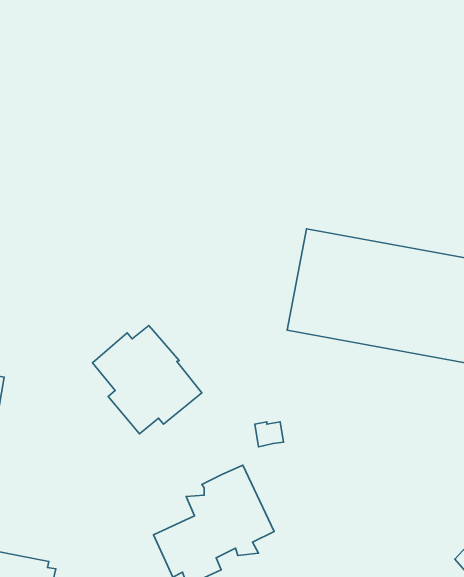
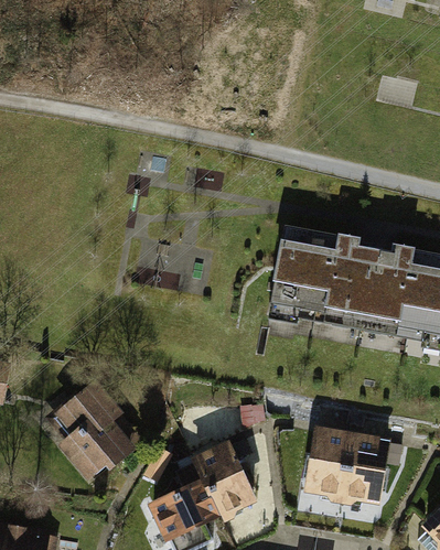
building: [92,325,202,434] -> [44,382,144,482]
building: none -> [305,429,390,506]

